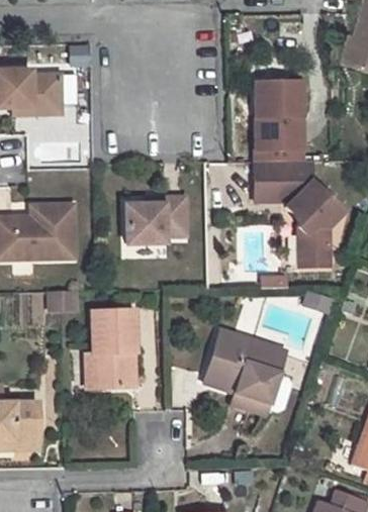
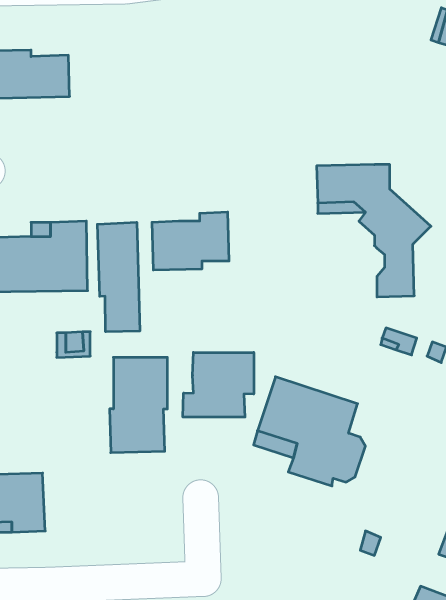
building: [253,81,299,161] -> none
building: none -> [97,222,140,332]
building: none -> [183,352,254,417]

